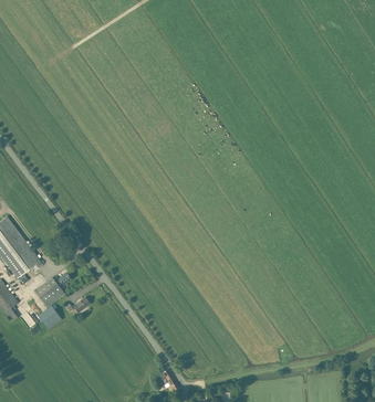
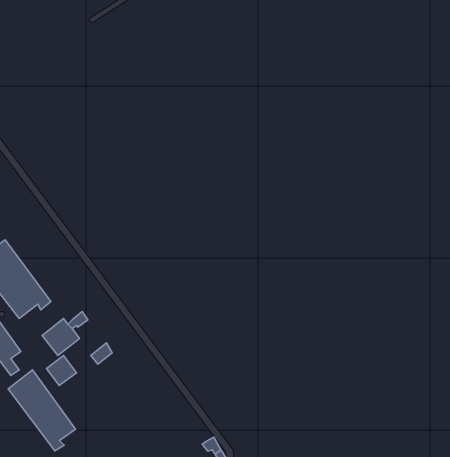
building: none -> [8,370,75,451]

